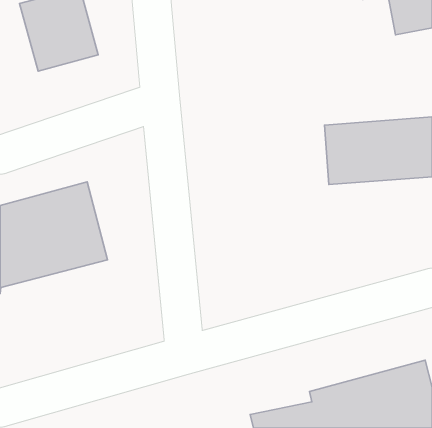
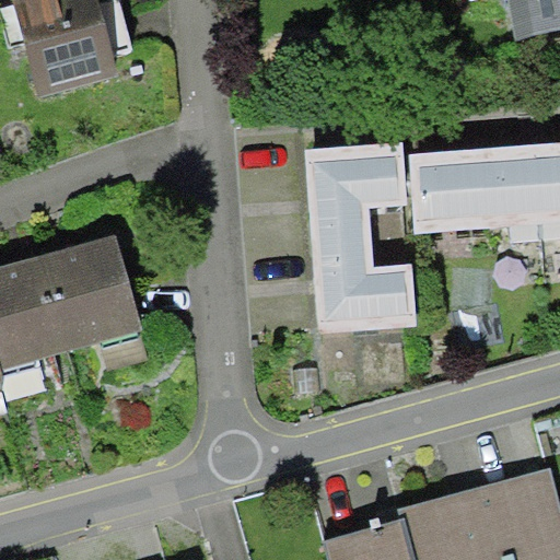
building: none -> [307,149,417,334]

